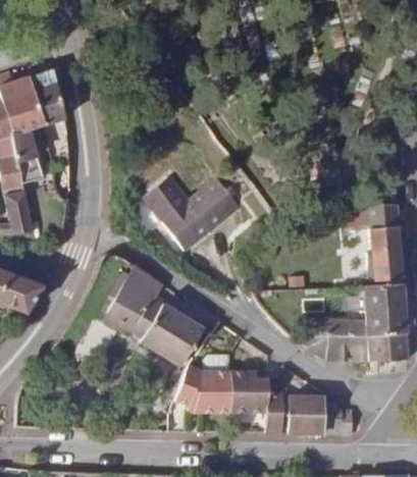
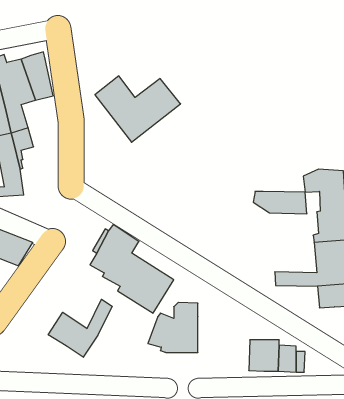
building: [143,175,241,251] -> [95,76,181,142]
building: [308,335,369,361] -> [253,191,307,214]
building: none -> [48,299,112,357]
building: [230,371,282,433] -> none

